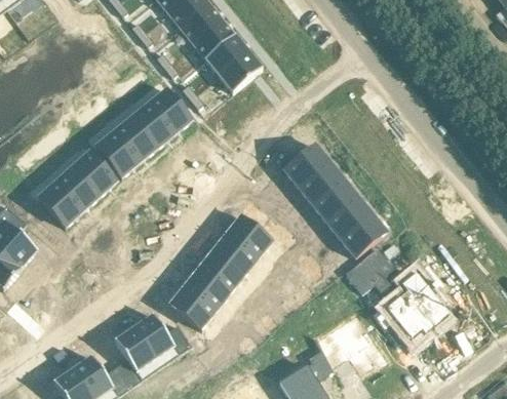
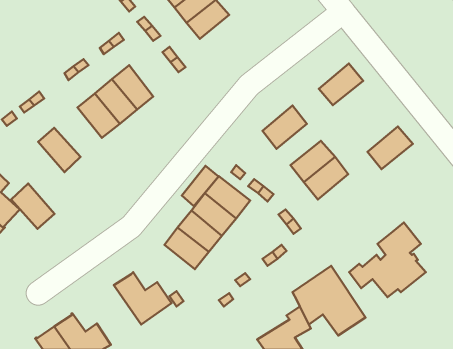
building: [220,52,263,94] -> none
building: [148,89,191,135] -> none
building: [72,152,116,197] -> none
building: [298,163,343,205] -> [319,64,363,105]
building: [38,182,82,228] -> [11,183,55,229]
building: none -> [182,166,219,206]
building: [340,214,386,257] -> [367,127,413,169]
building: [345,247,393,293] -> none
building: [168,286,214,329] -> none
building: [114,327,160,388] -> none

